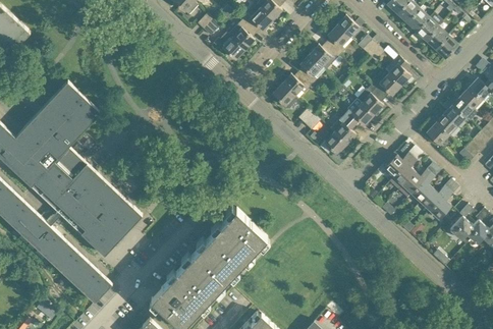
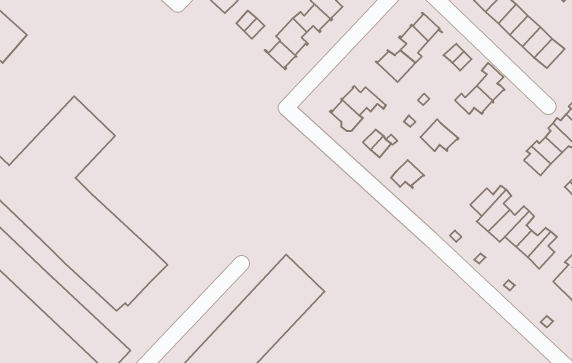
building: [298,54,322,89] -> none
building: [357,85,383,115] -> none
building: [330,114,355,145] -> none

